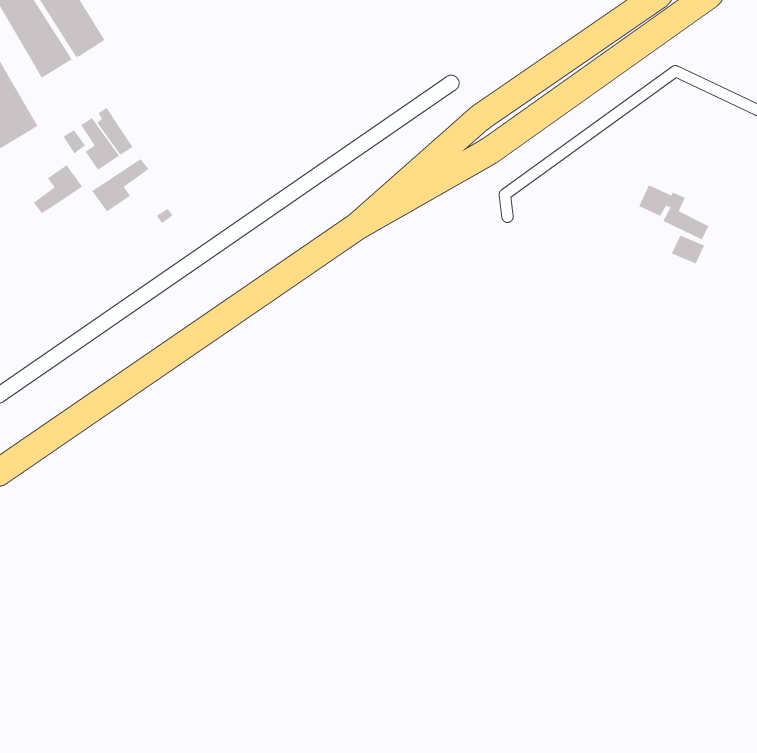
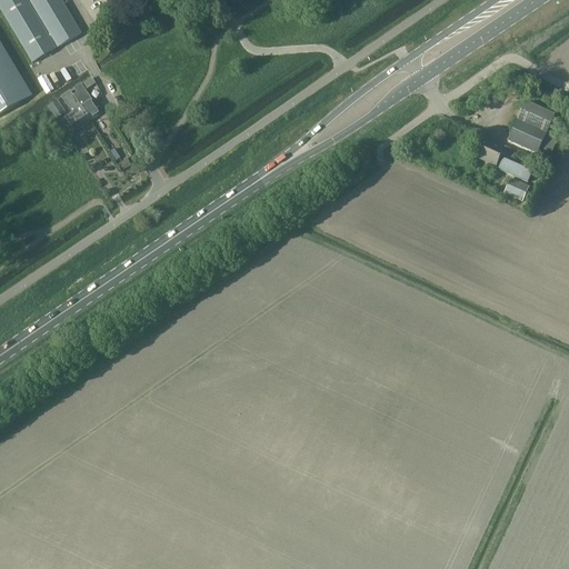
building: none -> [506,99,553,151]
building: [91,158,150,213] -> none
building: [33,164,83,214] -> none

